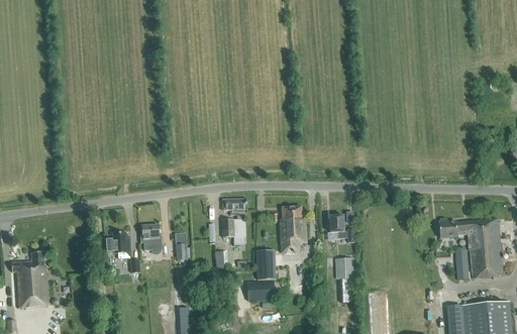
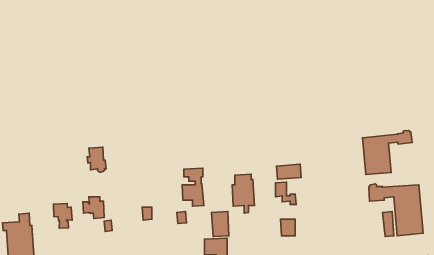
building: none -> [363,131,412,175]
building: none -> [277,164,301,179]
building: [138,224,161,253] -> [87,147,106,172]
building: none -> [54,204,72,228]

